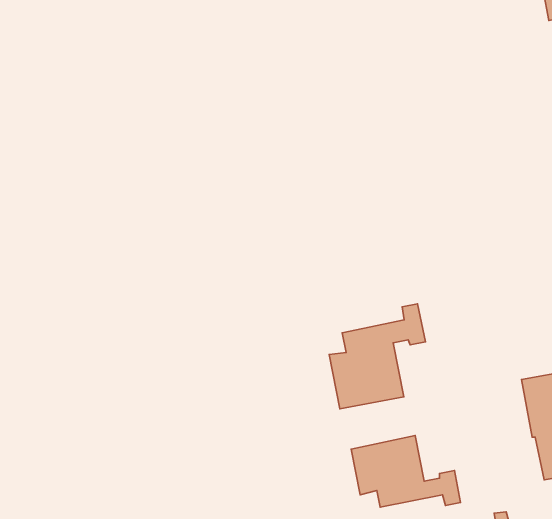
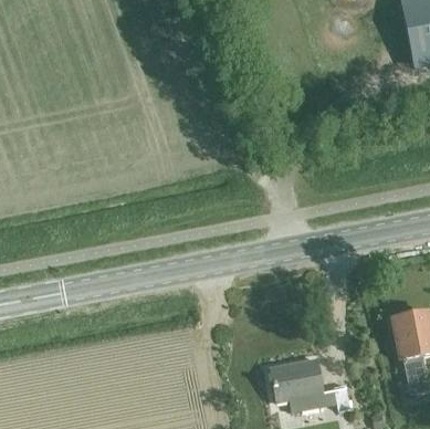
building: [329,304,425,409] -> none

